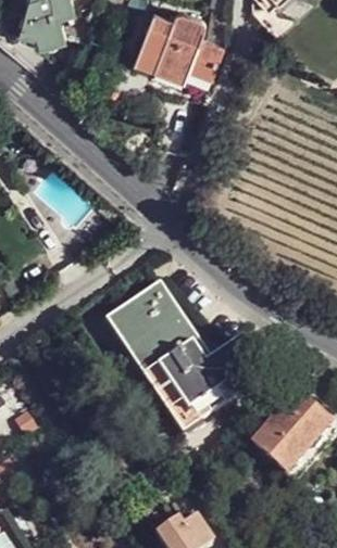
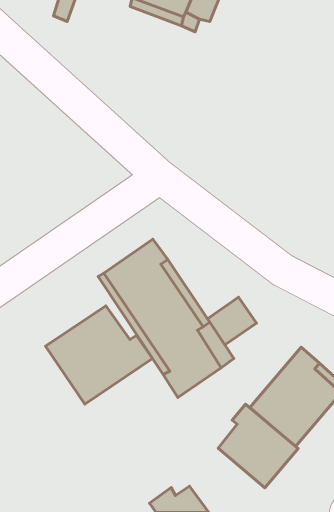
building: none -> [46,306,153,404]
building: none -> [218,404,298,488]

